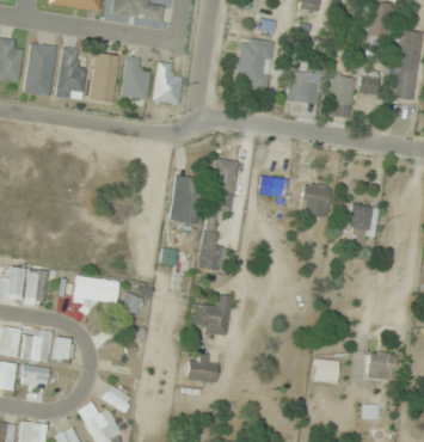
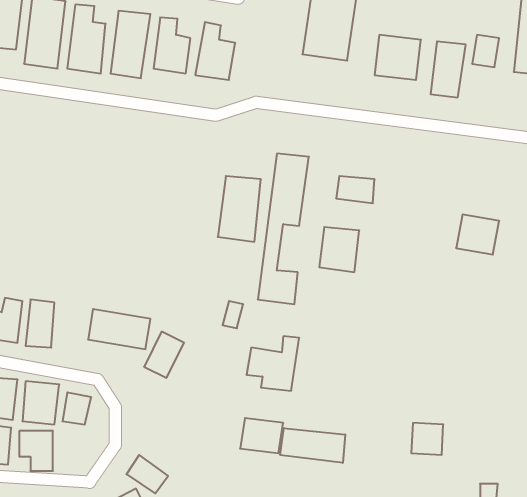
building: [301,184,331,217] -> [319,227,359,272]
building: [368,354,395,380] -> none
building: none -> [280,428,345,463]

